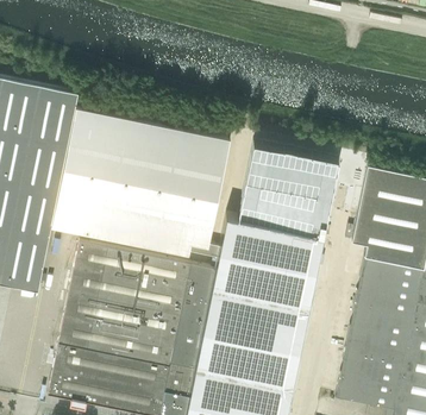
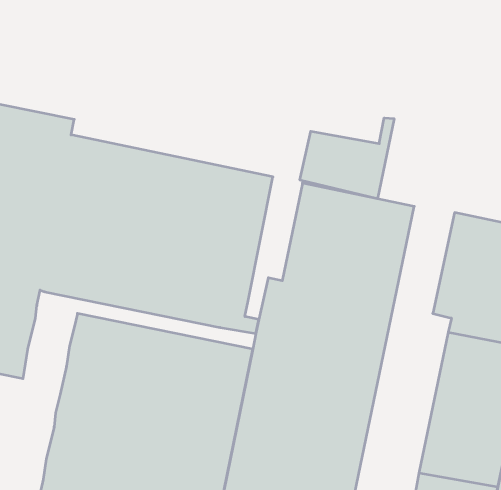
building: none -> [300,118,394,199]

